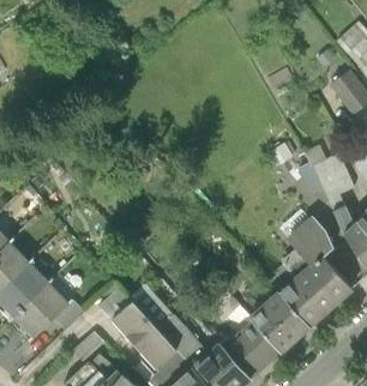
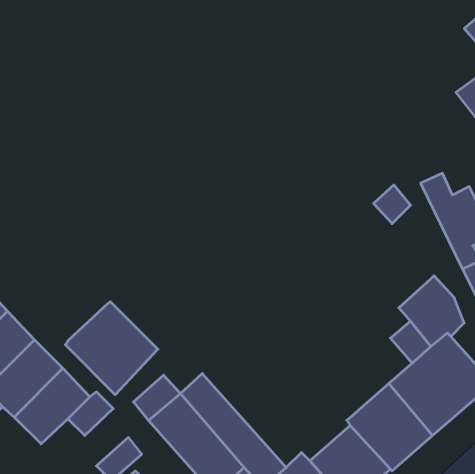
building: none -> [65,302,158,395]

